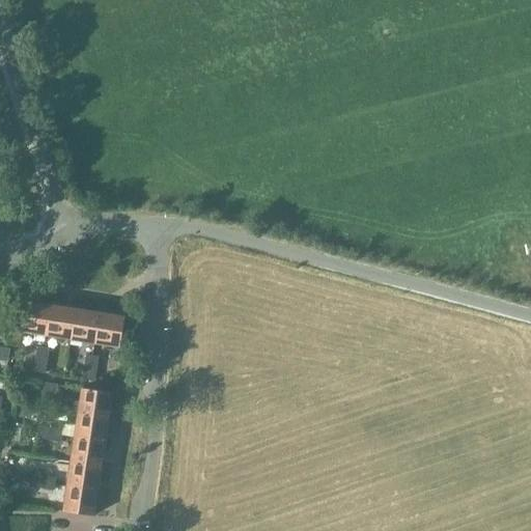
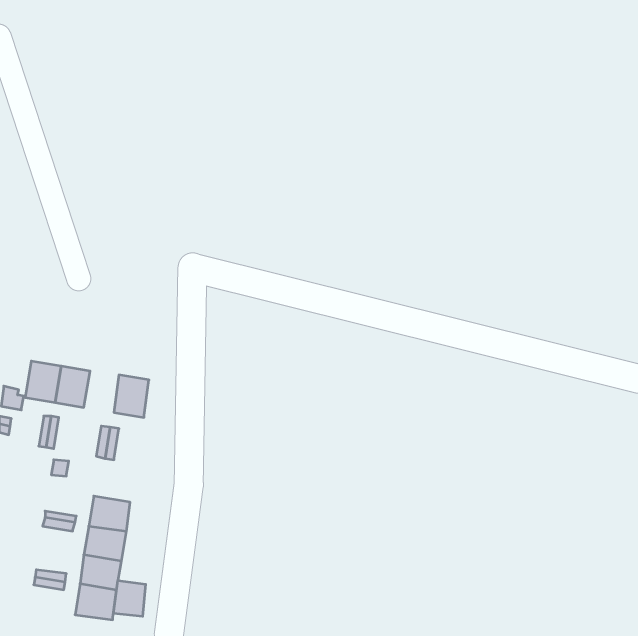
building: [69,308,99,342] -> none
building: [78,387,112,417] -> none
building: none -> [114,580,146,616]

